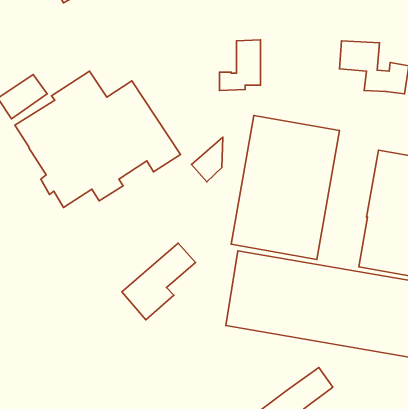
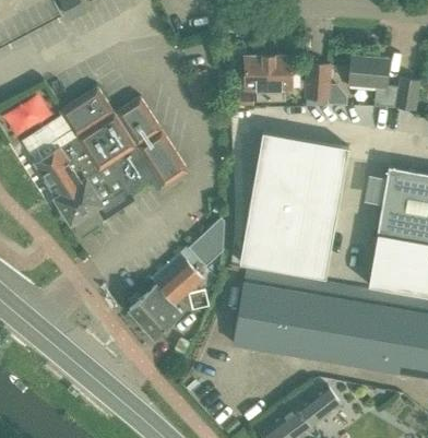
building: none -> [269,56,293,102]
building: none -> [306,64,330,100]
building: [192,137,223,182] -> [190,223,222,268]

